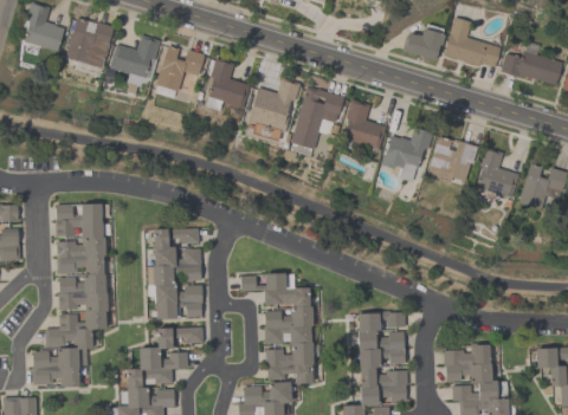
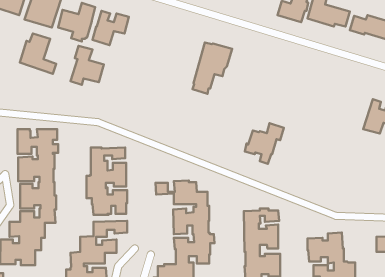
building: [205,59,250,111] -> [70,46,104,85]
building: none -> [20,33,56,74]
building: [247,78,301,141] -> none
building: [341,99,386,150] -> none
building: [381,127,433,181] -> [245,123,284,164]
building: [427,136,478,182] -> none
building: [477,147,519,197] -> none

